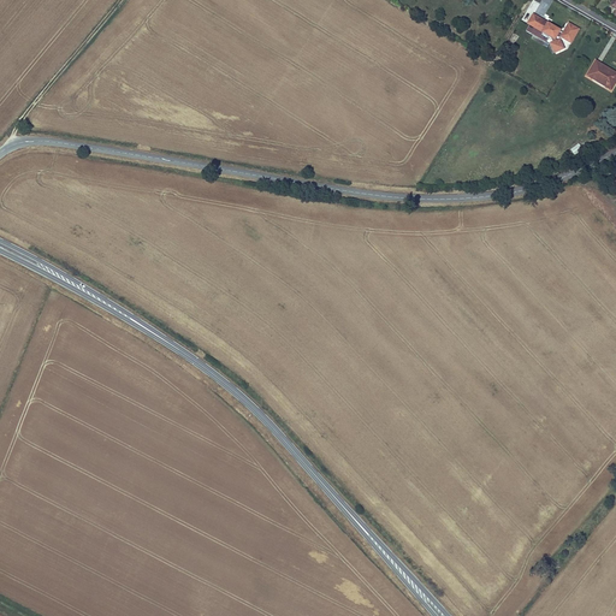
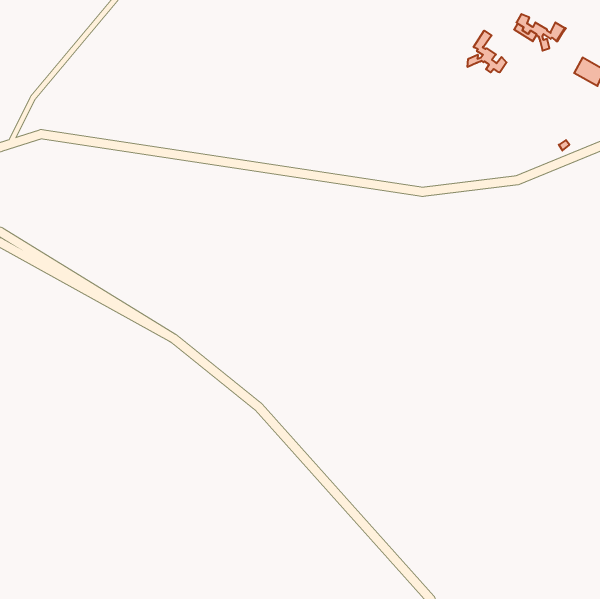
building: none -> [468,31,507,72]

